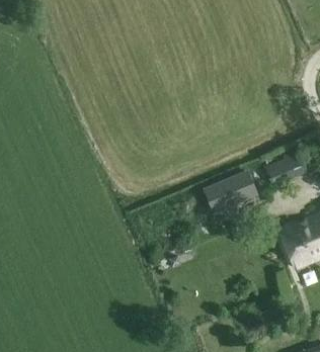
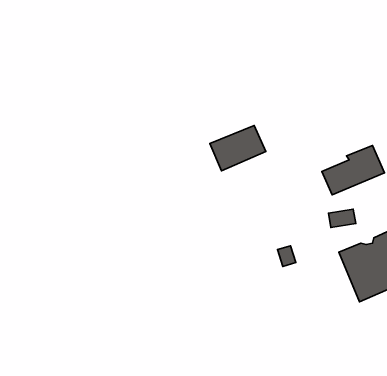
building: [213,173,256,208] -> [210,125,266,171]

